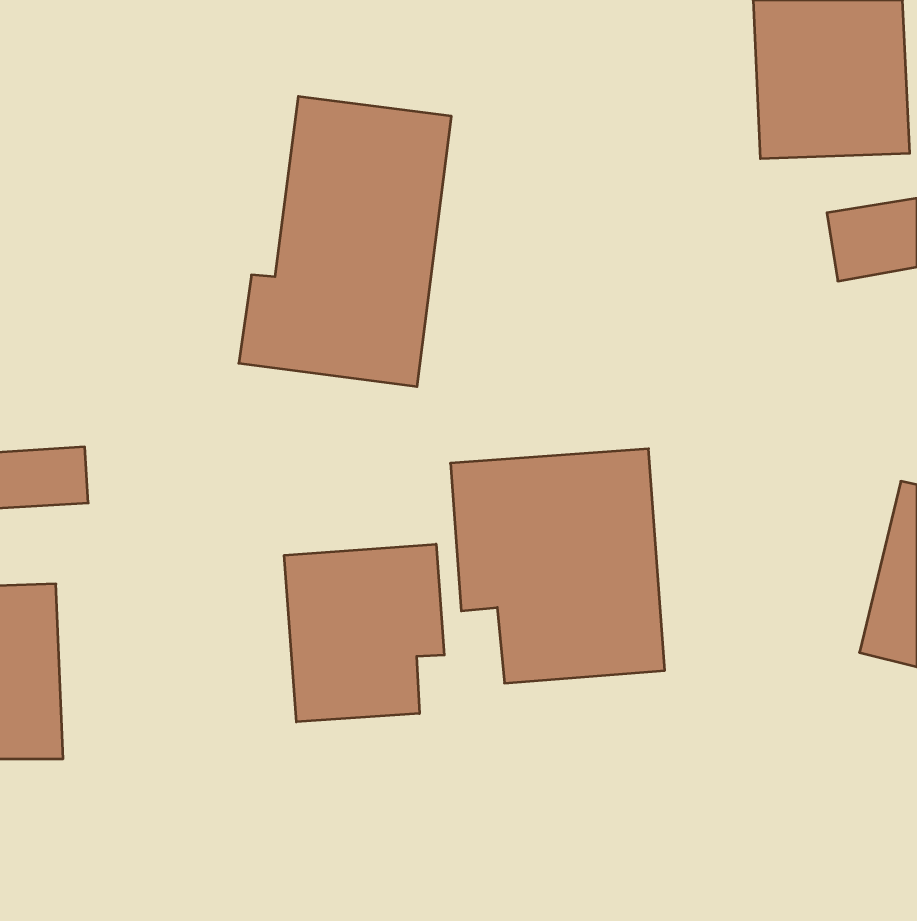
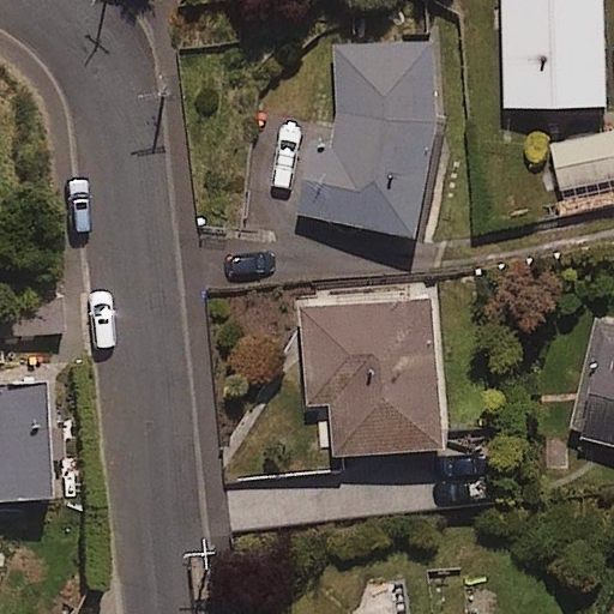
building: [239,96,451,387] -> [300,38,441,231]
building: [284,544,444,722] -> none

